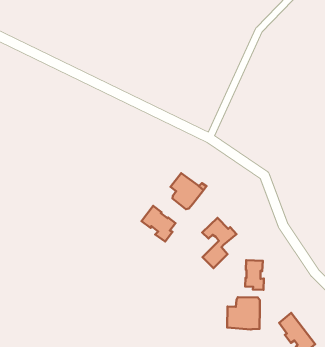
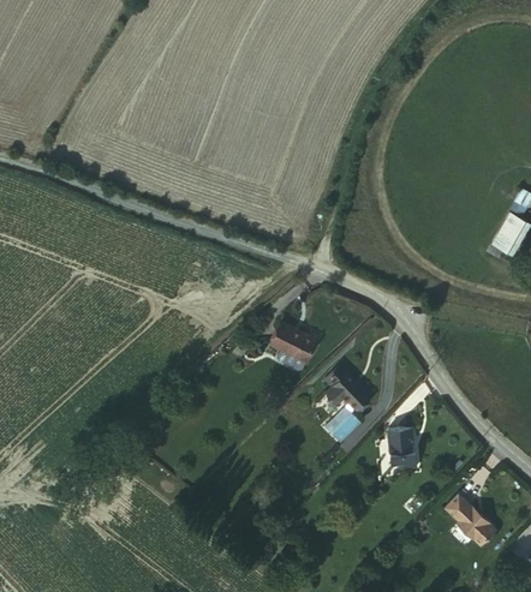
building: [141,206,176,242] -> none
building: [227,297,260,329] -> none

